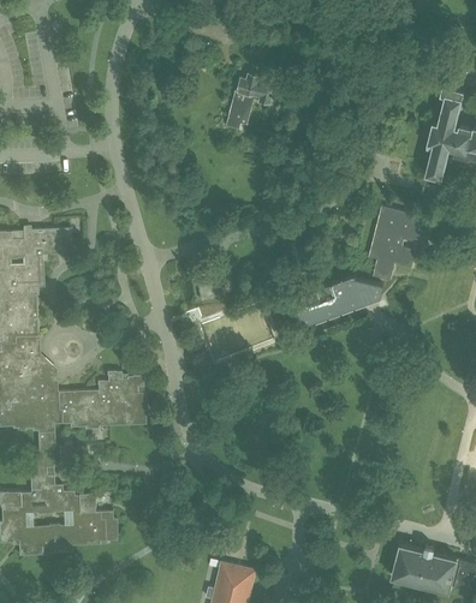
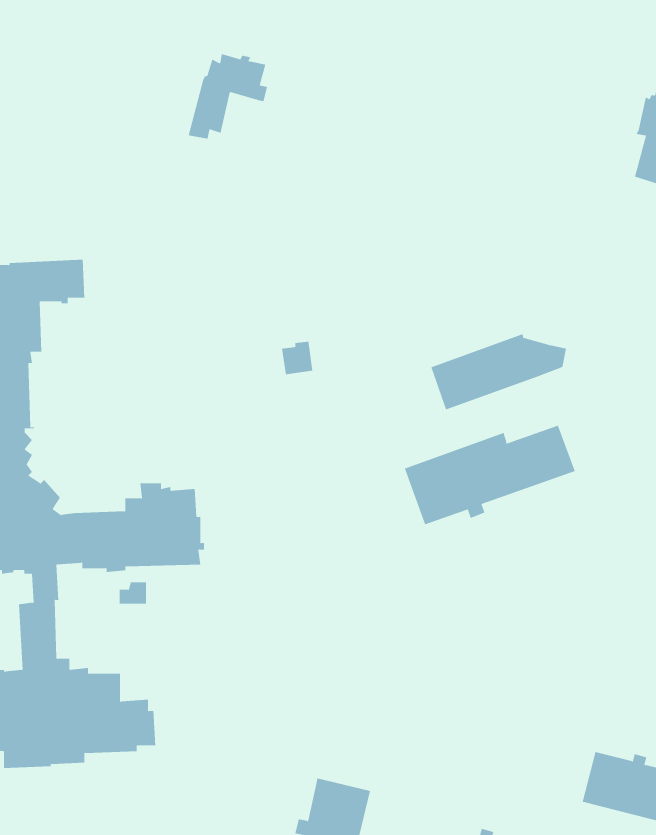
building: [226,74,278,130] -> [188,53,268,139]
building: [369,207,433,281] -> none
building: none -> [404,425,576,525]

